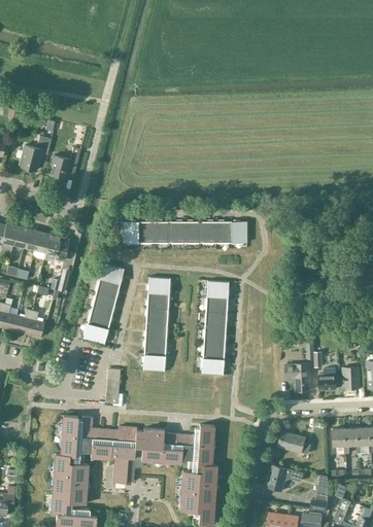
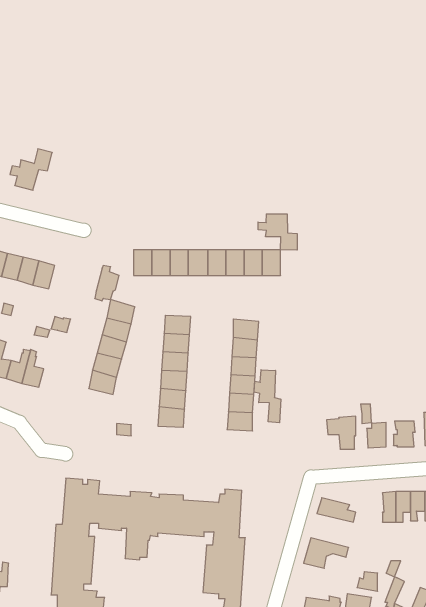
building: [49,148,81,178] -> none
building: none -> [258,214,297,250]
building: [48,233,69,262] -> [95,266,119,301]
building: none -> [254,370,281,423]

